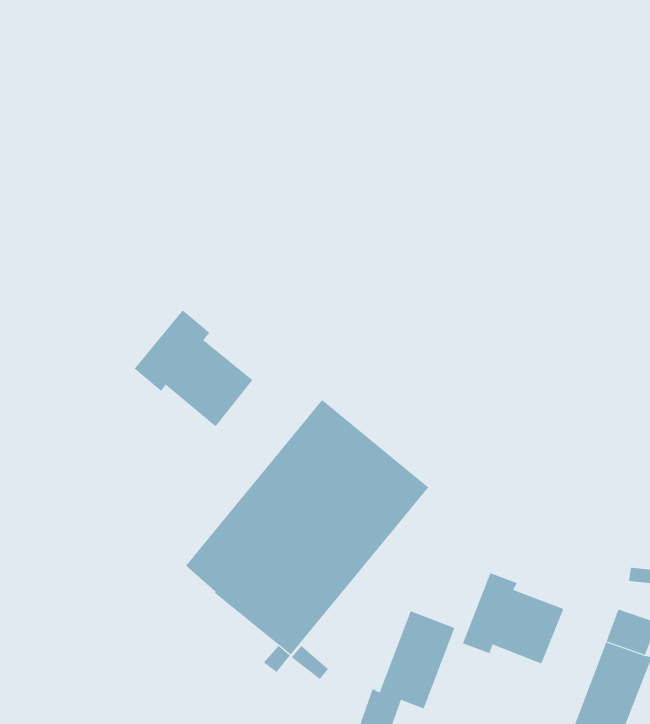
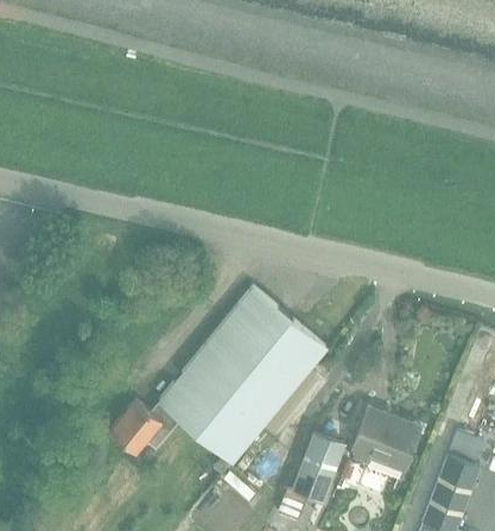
building: [134,309,253,427] -> none
building: none -> [109,400,179,455]

